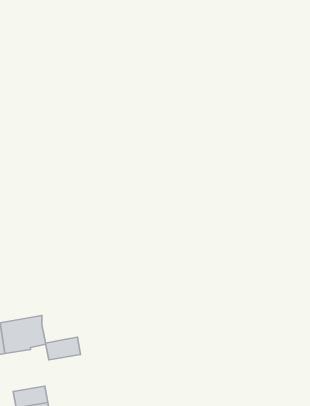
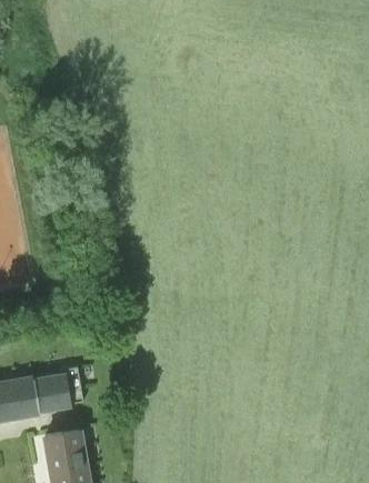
building: [46,337,80,360] -> [42,429,80,453]

